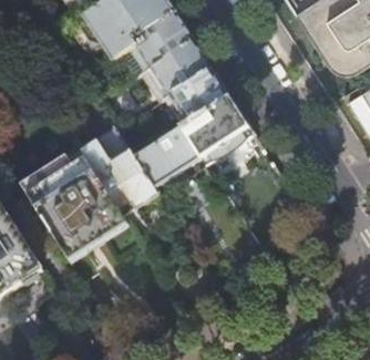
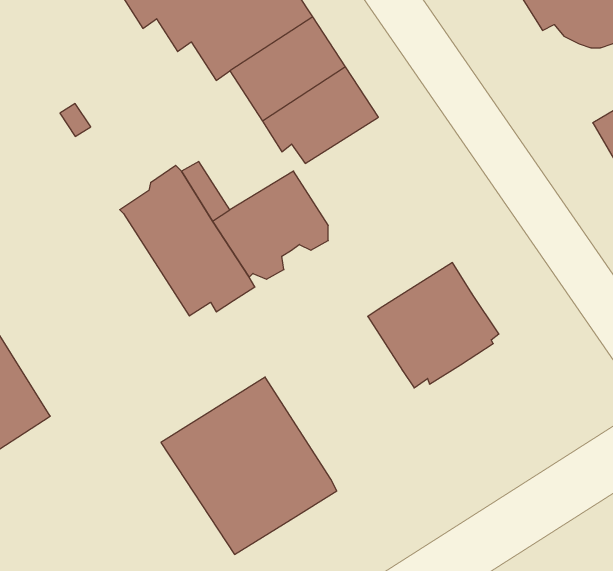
building: [181,95,256,167] -> [368,263,499,388]
building: [23,151,124,253] -> [161,377,337,554]

